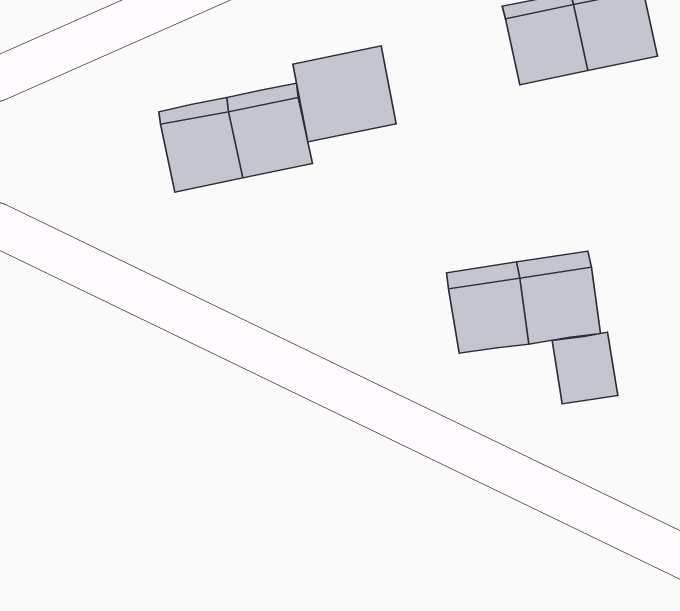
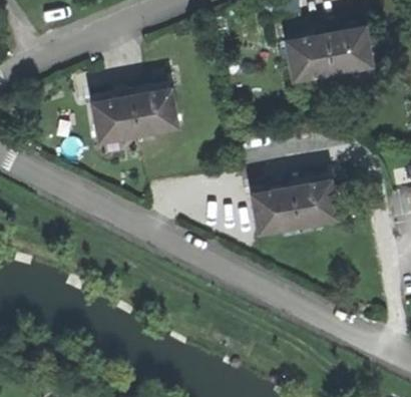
building: [293,46,396,142] -> none
building: [552,332,618,404] -> none

